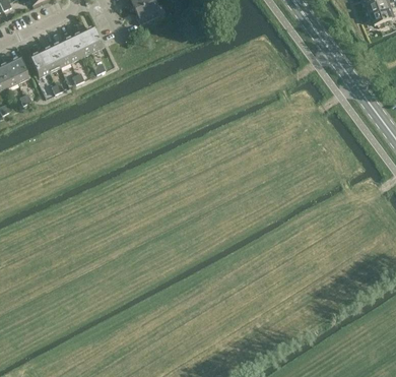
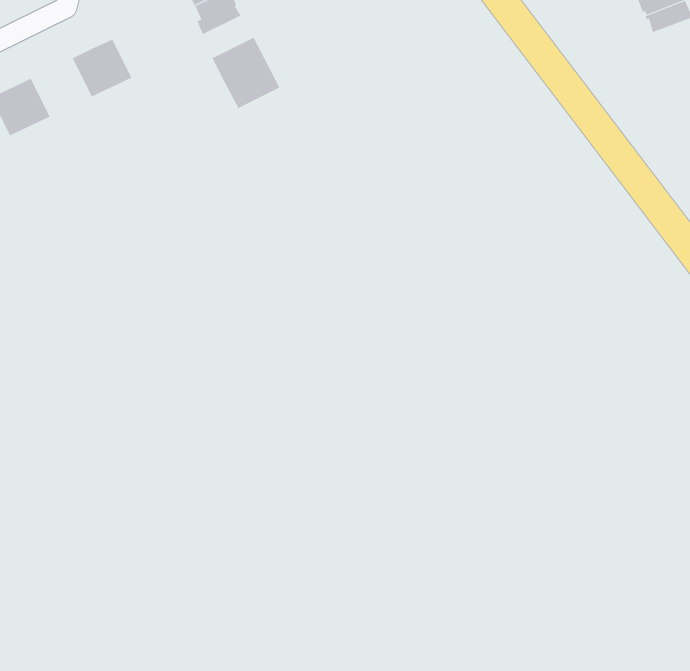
building: none -> [212,37,280,109]
building: [50,37,81,67] -> none

